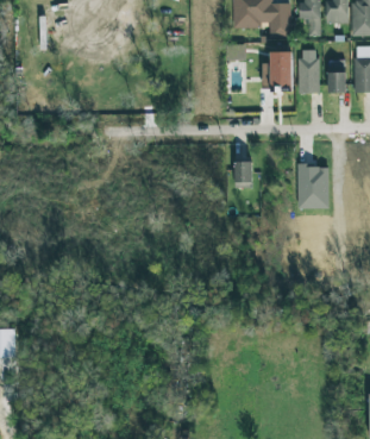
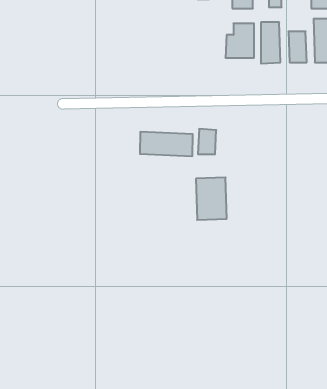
building: none -> [140,132,193,156]
building: [296,164,328,208] -> [196,177,227,220]

